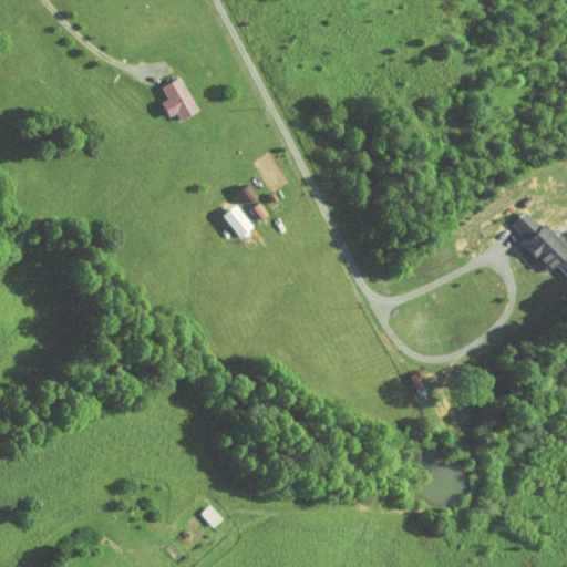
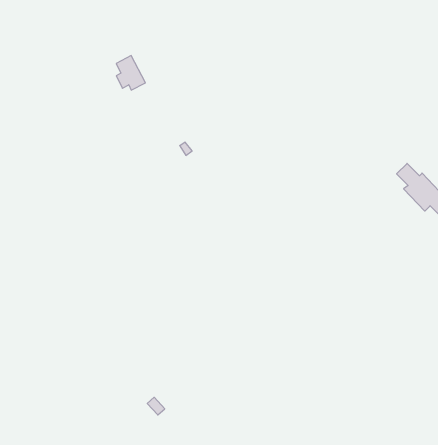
building: [223,206,251,237] -> none

